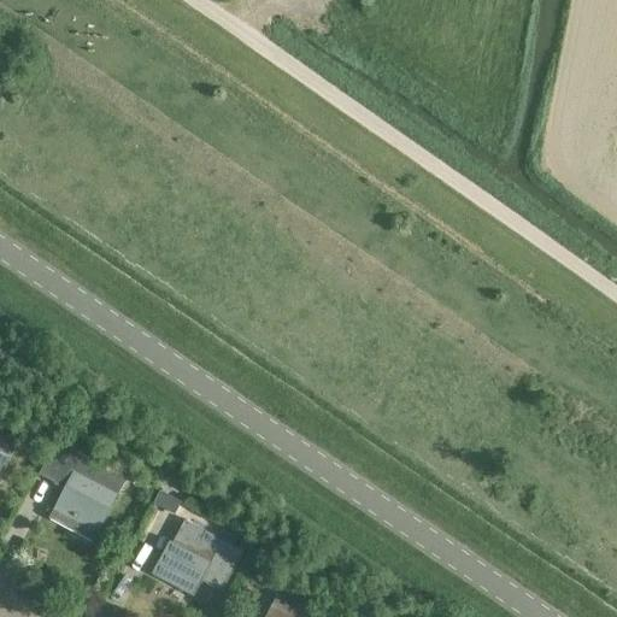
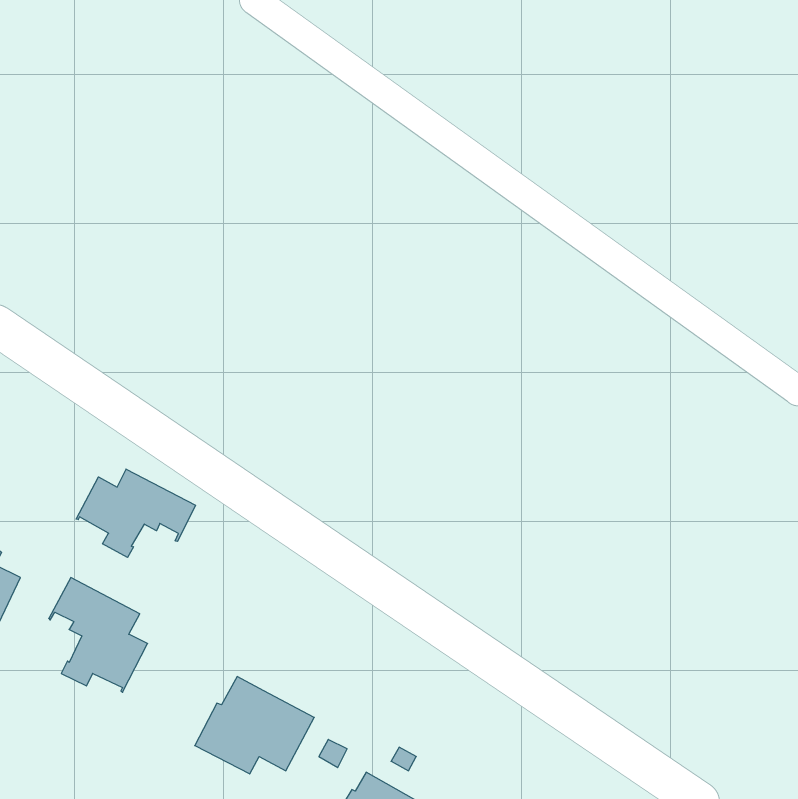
building: none -> [76,469,196,557]

